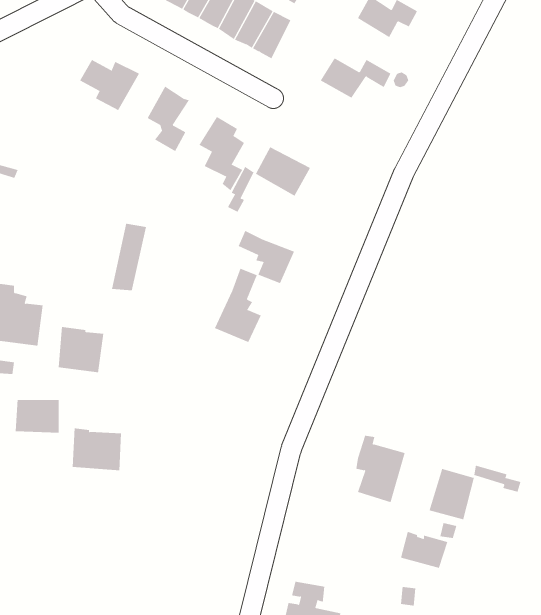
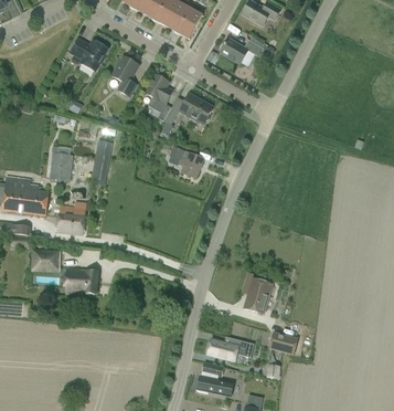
building: none -> [50,148,73,181]
building: [214,268,261,343] -> none
building: [429,465,521,520] -> none
building: none -> [207,338,254,360]

